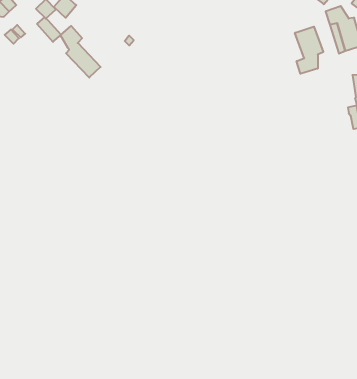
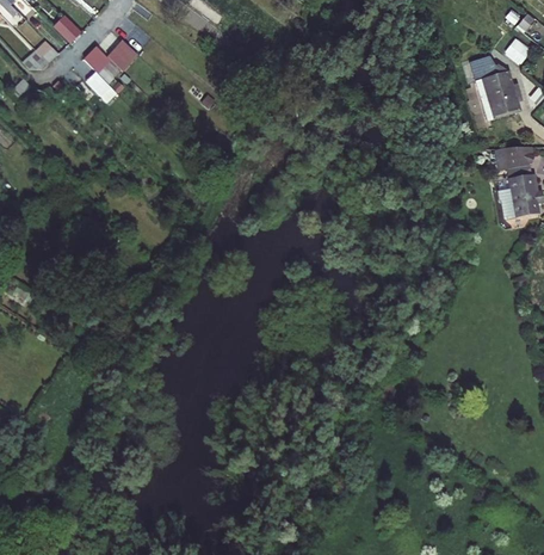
building: [60,26,101,78] -> none
building: [295,27,323,74] -> none

